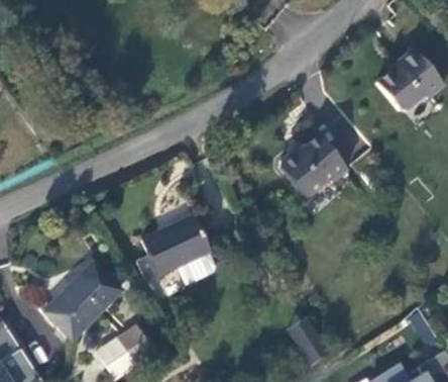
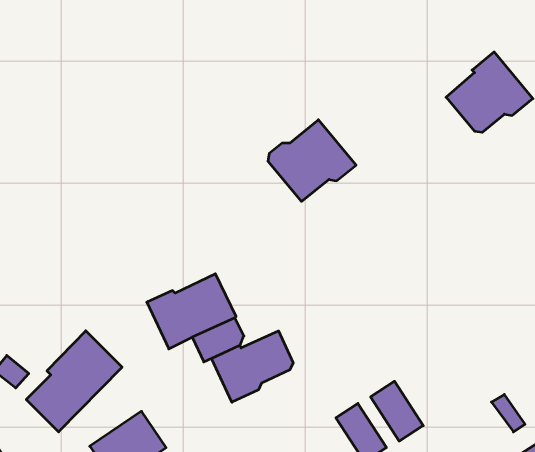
building: [278,134,347,198] -> [268,120,356,201]
building: none -> [212,331,293,402]
building: none -> [371,381,423,441]

